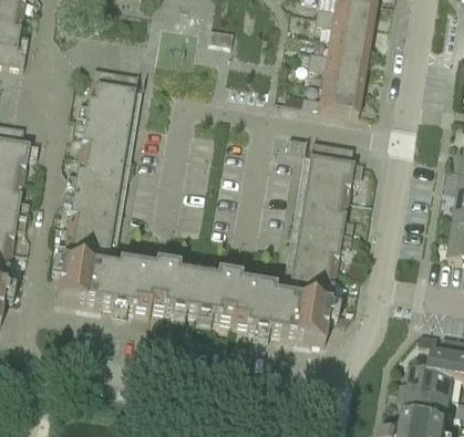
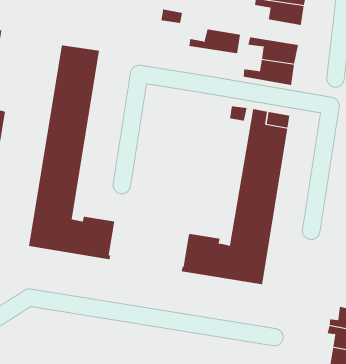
building: [309,38,369,66] -> [188,29,241,54]
building: [148,262,241,320] -> none

